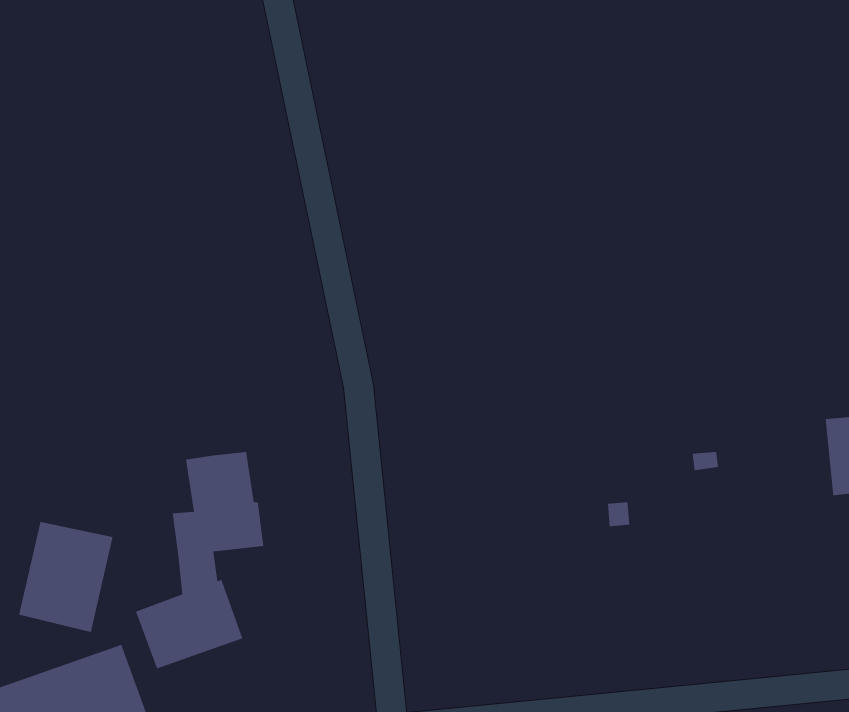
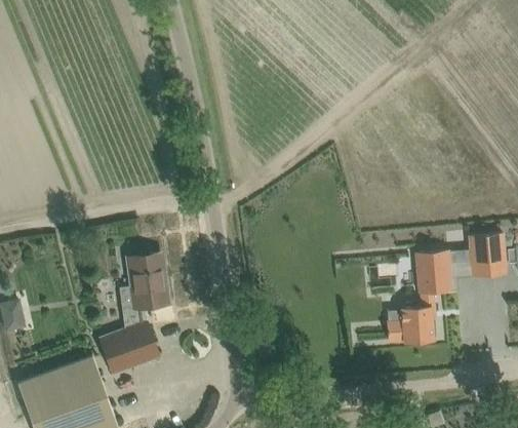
building: none -> [388,251,451,344]
building: [19,521,113,633] -> none

